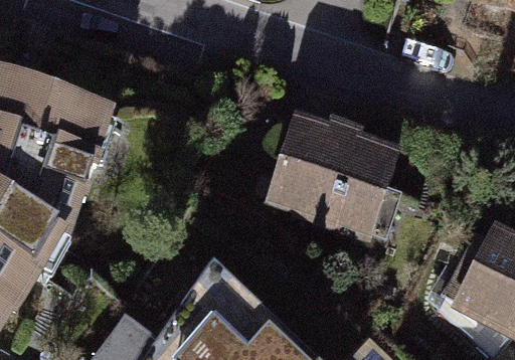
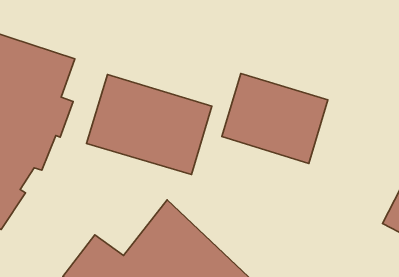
building: none -> [87,74,212,174]

